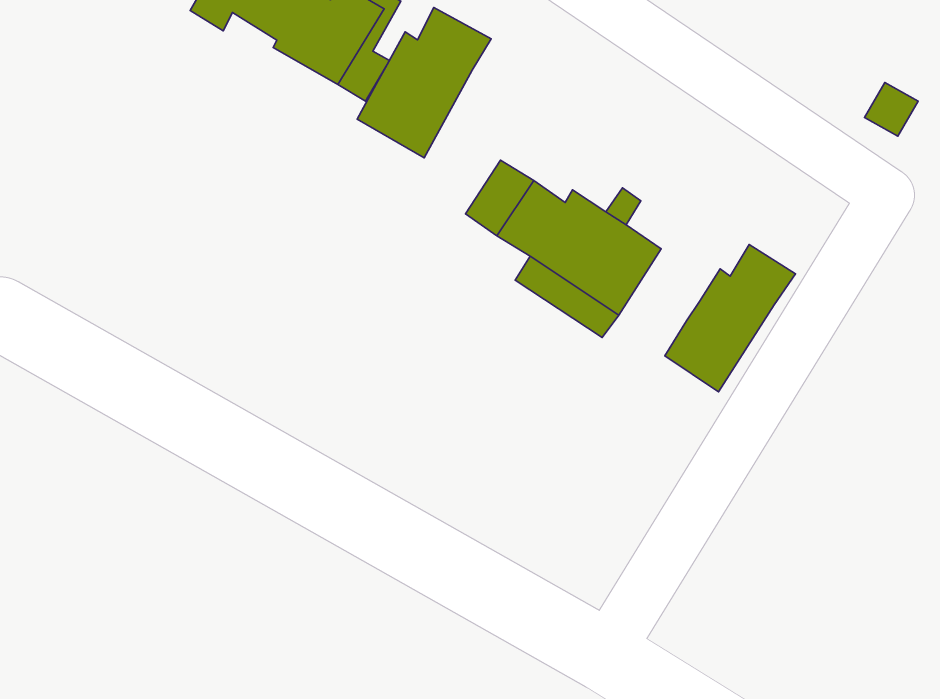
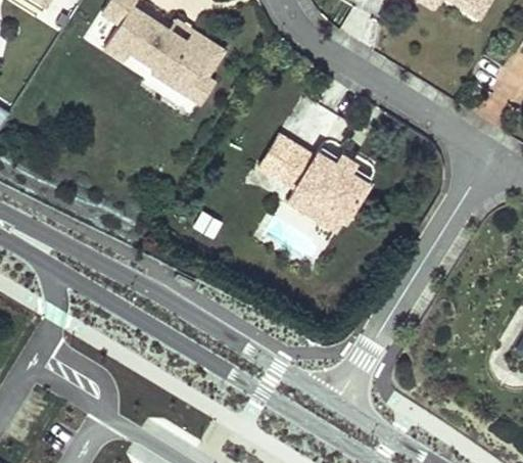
building: [357,8,491,158] -> none
building: [665,245,796,392] -> none

